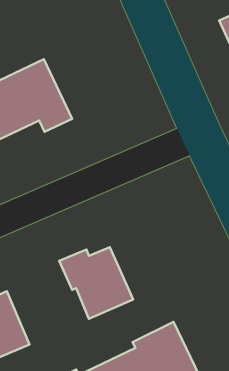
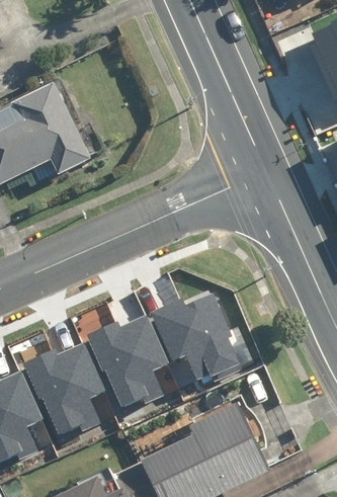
building: none -> [153,295,245,385]
building: none -> [25,344,117,434]

